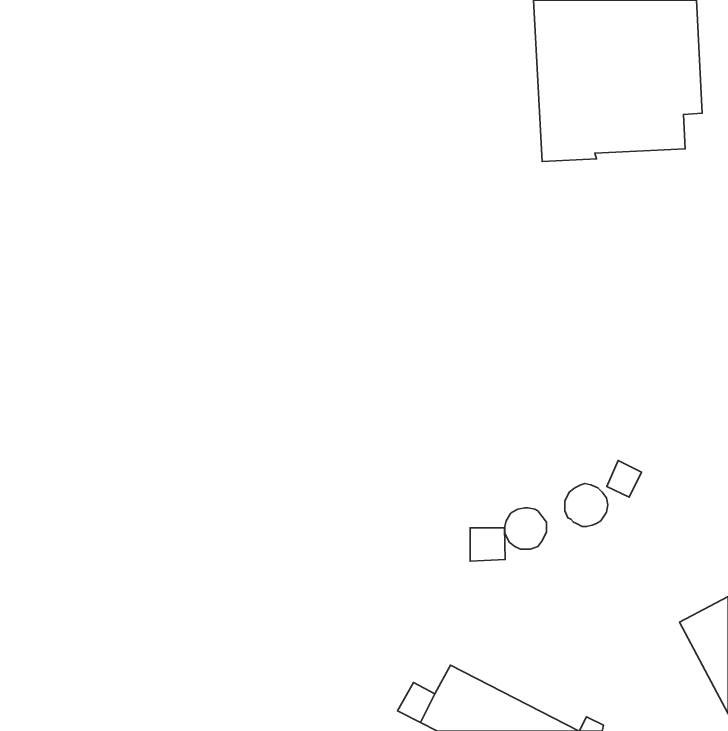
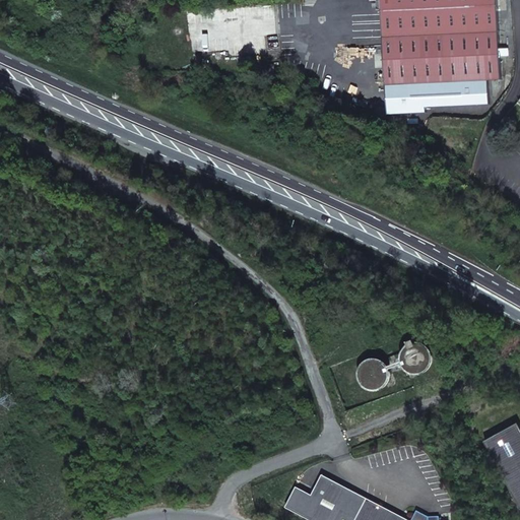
building: [607,460,642,497] -> none
building: [470,528,505,561] -> none

